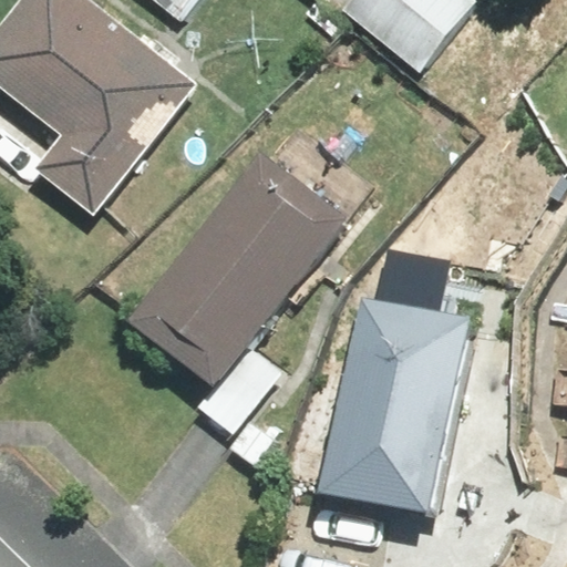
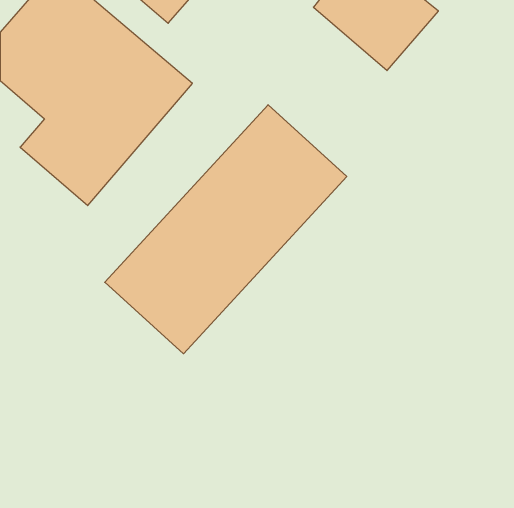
building: [317,297,462,509] -> none

